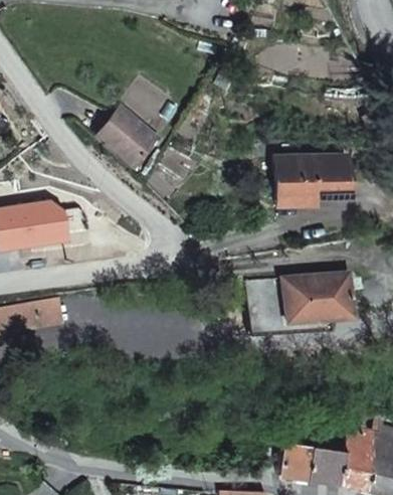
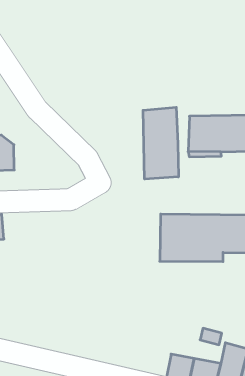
building: [106,113,163,167] -> none
building: none -> [143,107,178,179]

